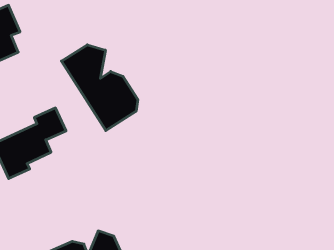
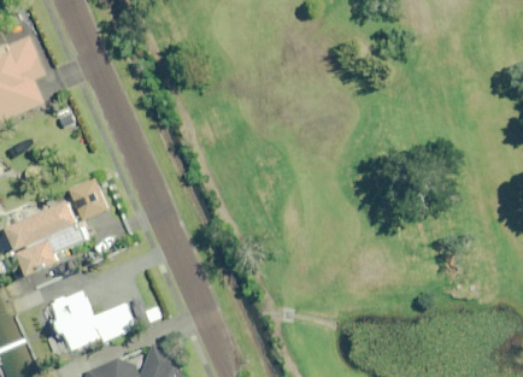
building: [61,45,138,131] -> none
building: none -> [42,289,135,355]

